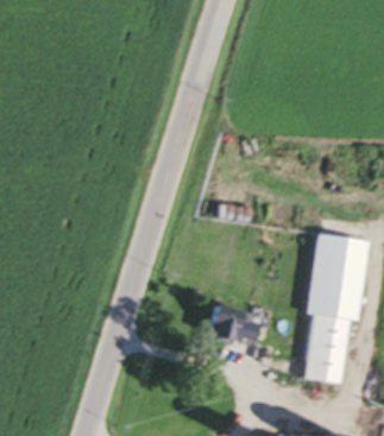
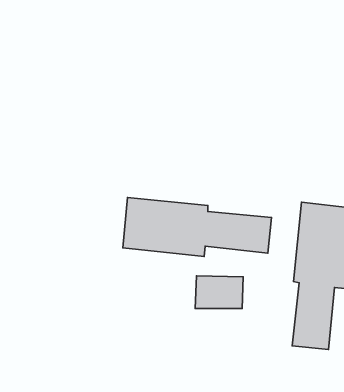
building: none -> [123,197,272,256]

